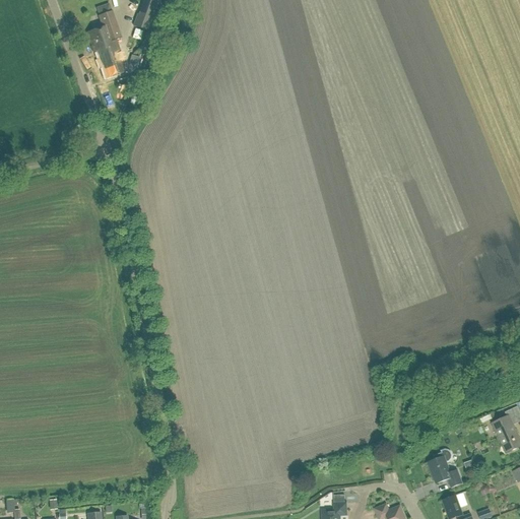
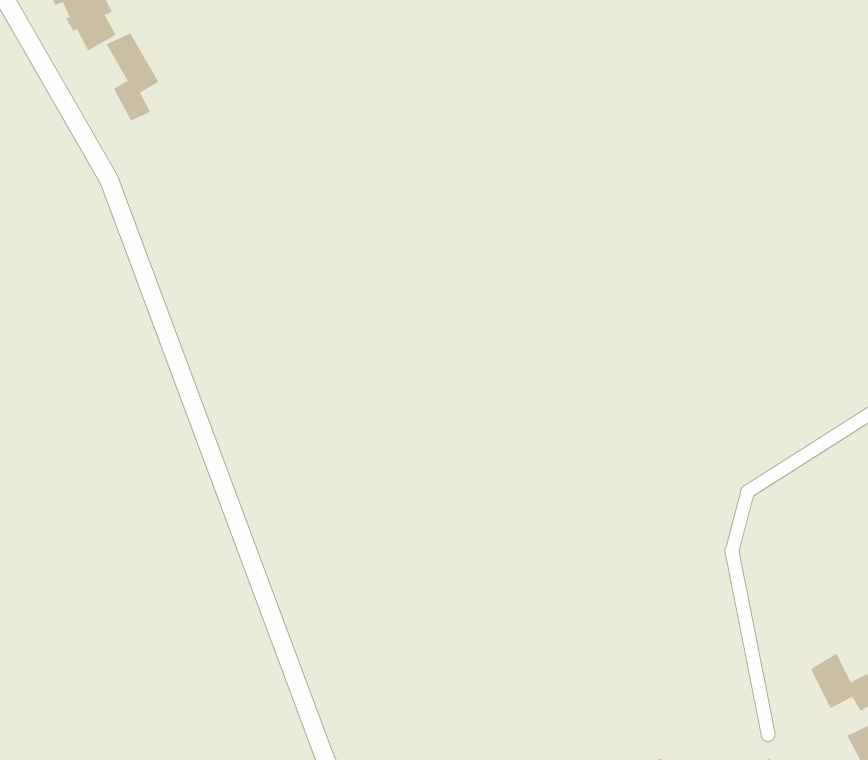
building: none -> [106,32,159,121]

